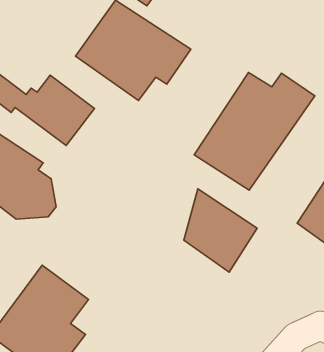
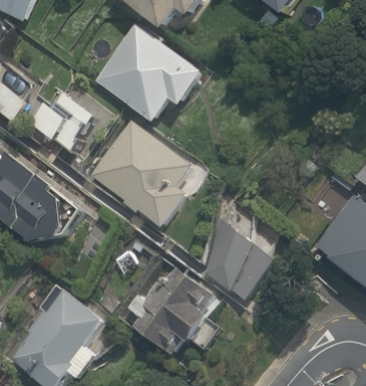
building: [194,73,315,190] -> none
building: none -> [86,119,194,229]
building: none -> [131,268,221,354]

